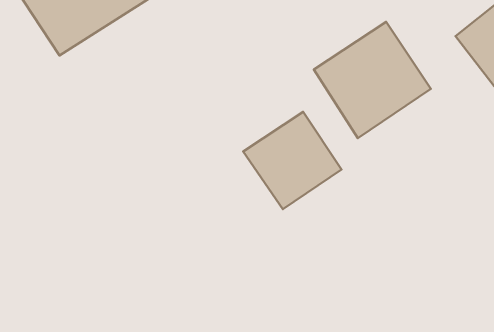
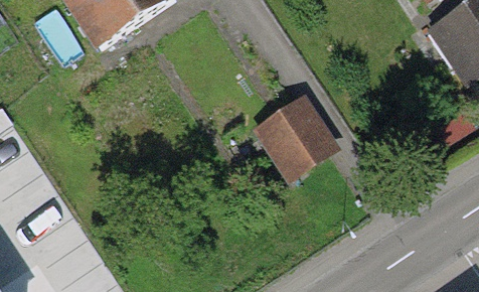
building: [314,22,431,138] -> none

